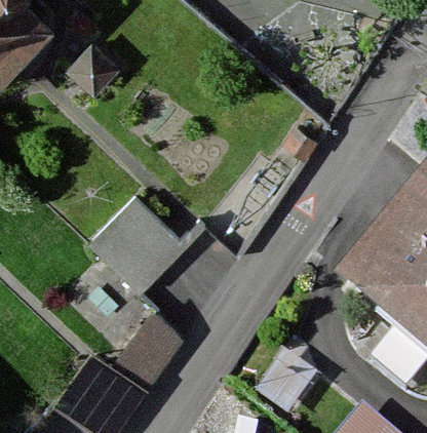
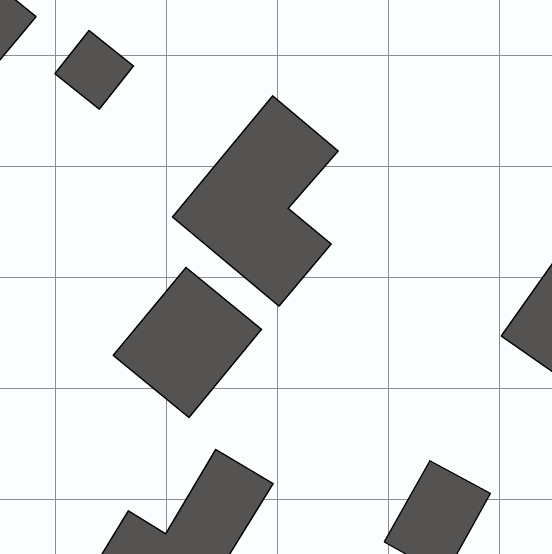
building: none -> [172,96,338,306]

